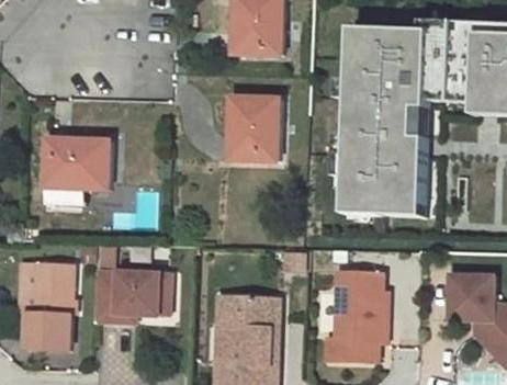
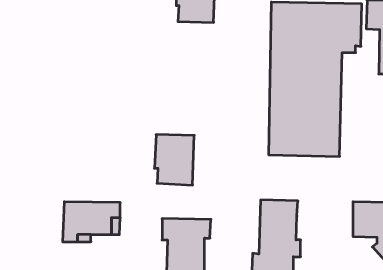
building: [227,97,277,159] -> [154,135,194,185]
building: [43,136,105,186] -> none
building: [19,267,64,352] -> none

